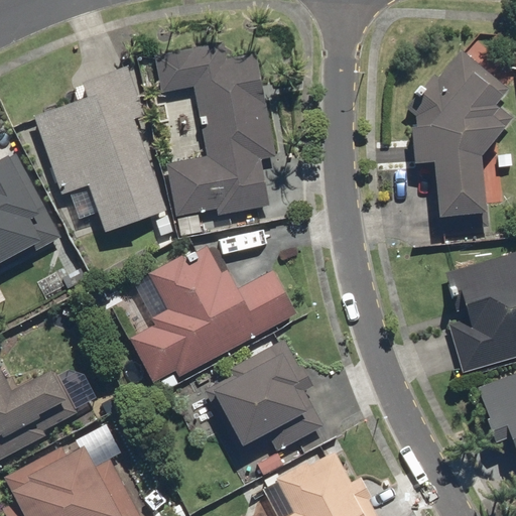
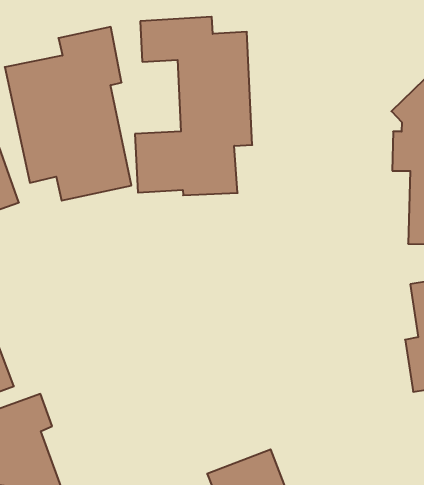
building: [128,246,297,384] -> none
building: [205,339,331,458] -> none

